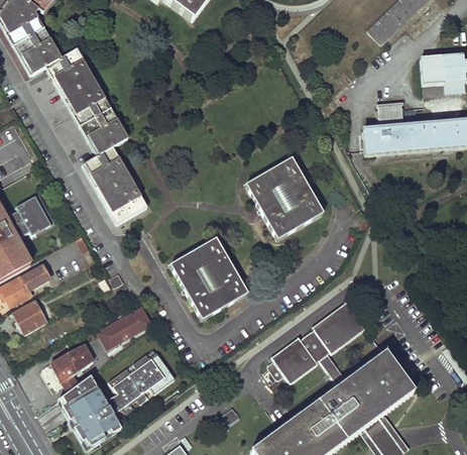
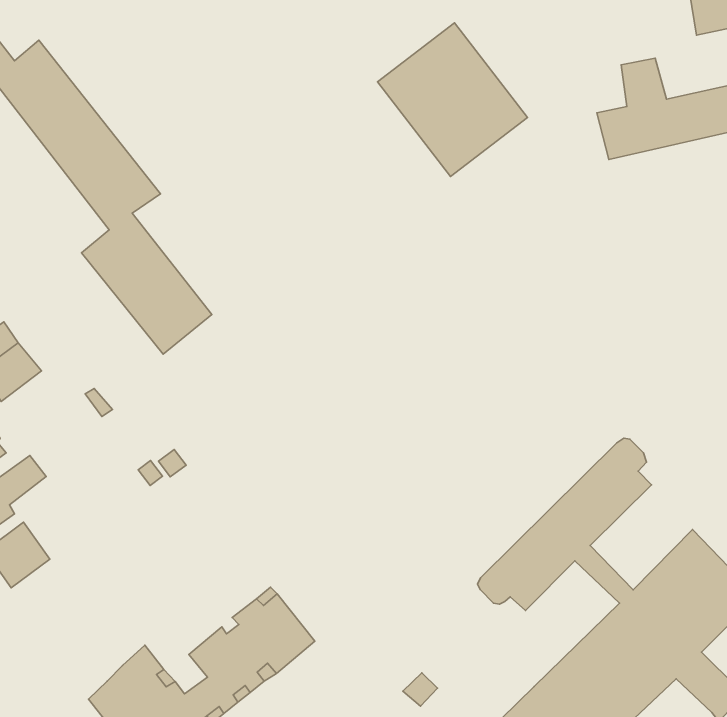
building: [245,158,321,238] -> [377,23,528,176]
building: [171,238,247,319] -> none
building: [98,307,150,348] -> none
building: [49,340,91,388] -> none

